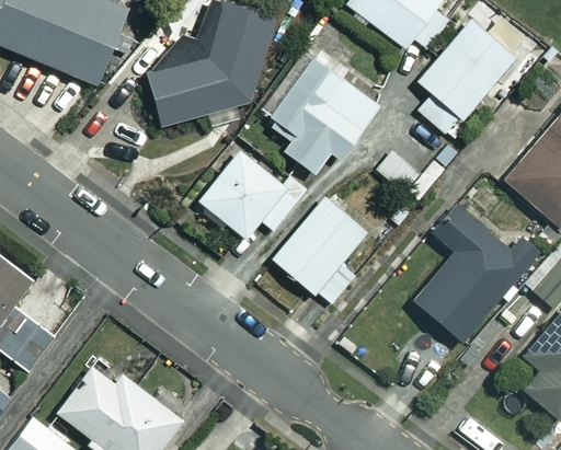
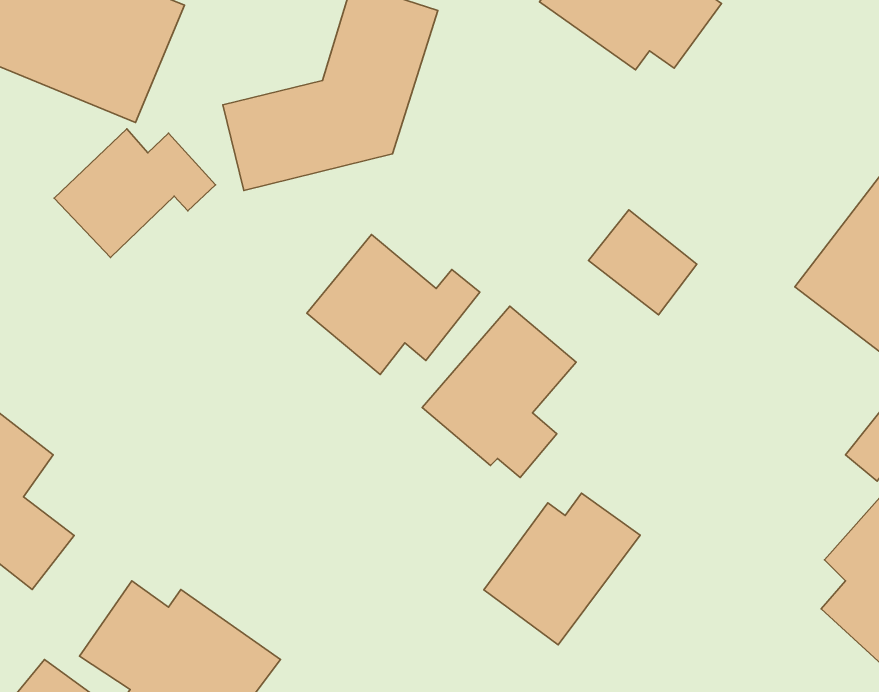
building: [417,21,513,135] -> none
building: [265,42,380,173] -> none
building: none -> [54,129,215,257]
building: [415,205,538,343] -> none
building: none -> [484,493,640,645]

